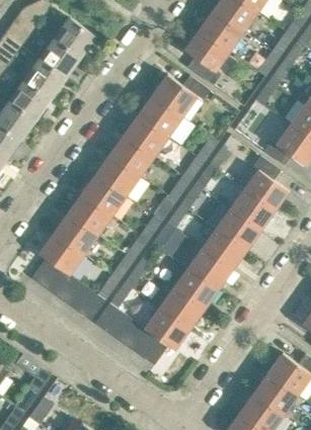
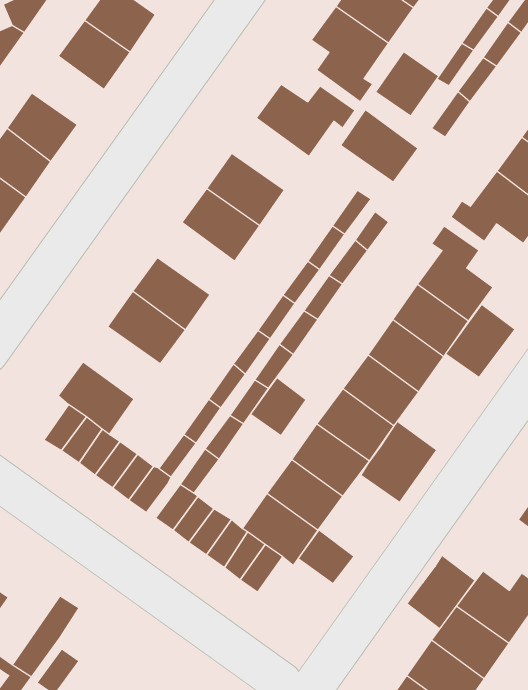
building: none -> [376,52,439,116]
building: [23,60,65,99] -> none
building: [138,95,182,137] -> [340,110,418,182]
building: [95,155,140,196] -> none
building: none -> [446,304,515,377]
building: [53,214,97,256] -> none
building: none -> [250,378,306,436]
building: none -> [361,421,437,503]
building: none -> [298,530,354,584]
building: none -> [407,555,475,629]

